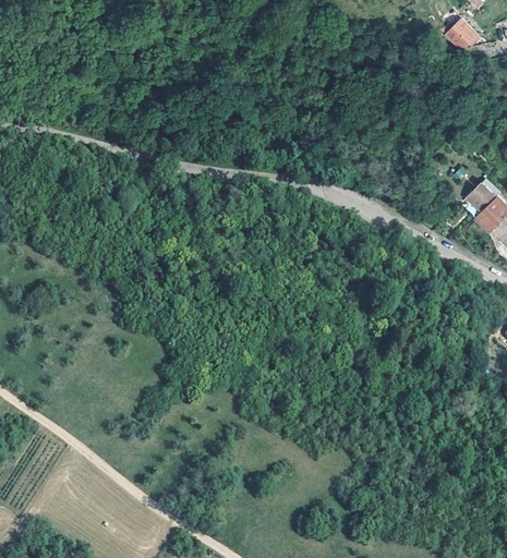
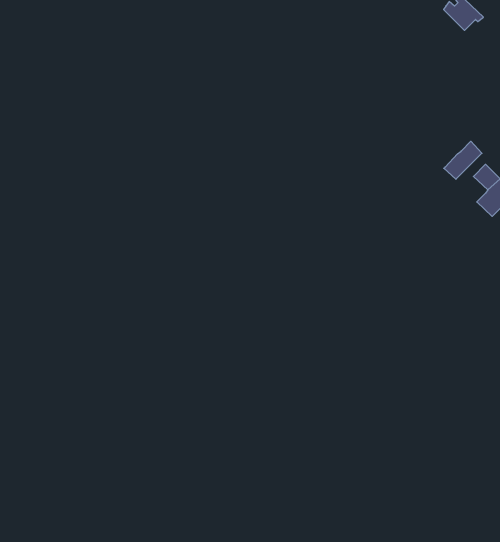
building: none -> [444,141,482,179]

